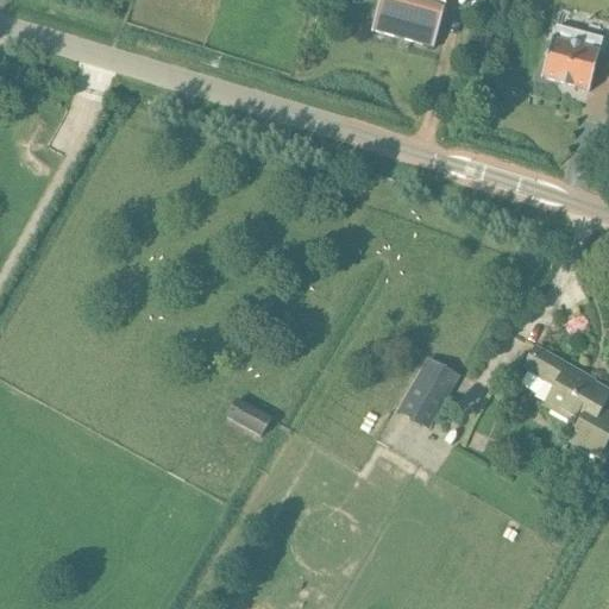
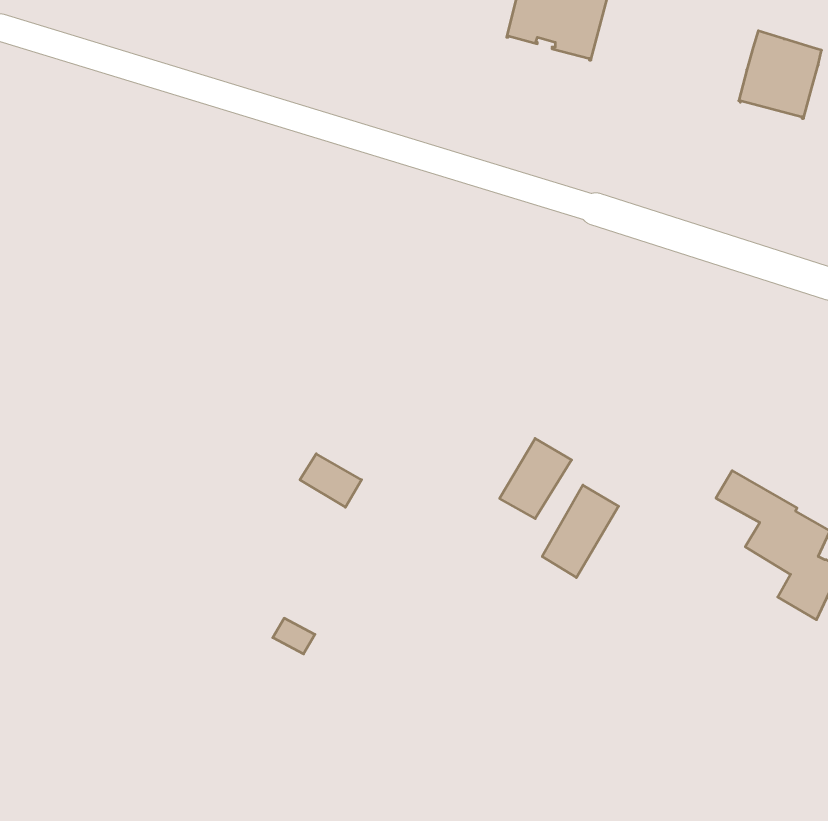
building: none -> [500,438,572,519]
building: [227,396,272,435] -> [300,454,362,507]

